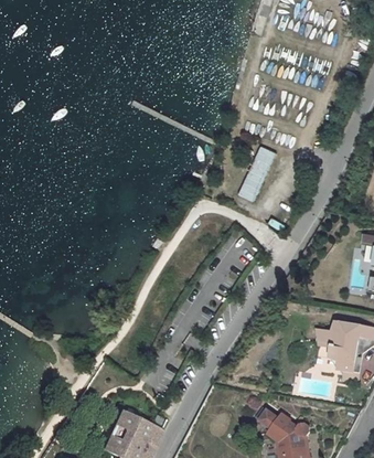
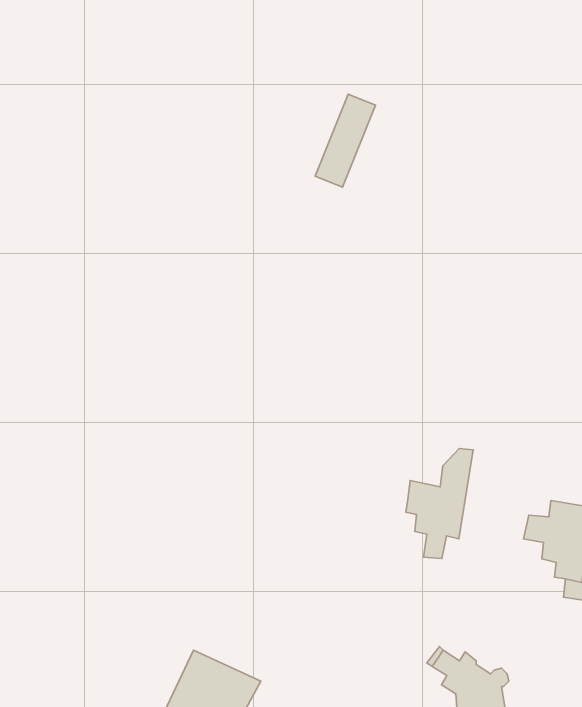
building: [237,145,274,201] -> [315,94,375,187]
building: none -> [406,448,473,558]

